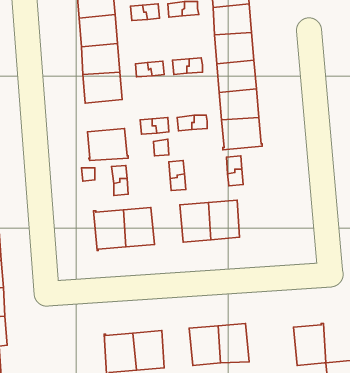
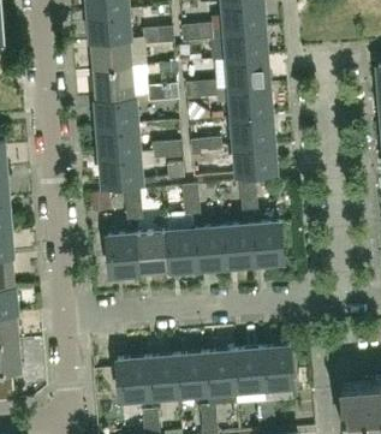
building: none -> [99,123,138,155]
building: none -> [251,220,284,261]
building: none -> [165,228,197,268]
building: [293,323,326,365] -> [260,344,292,386]
building: none -> [175,352,207,392]

